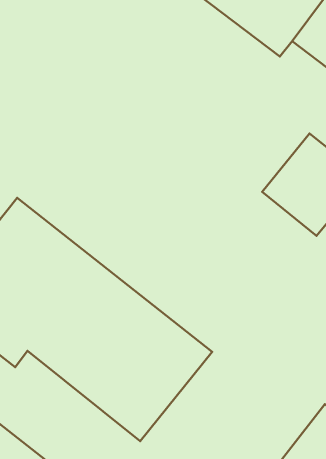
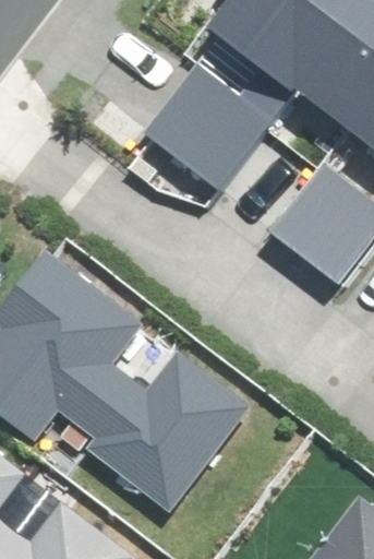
building: none -> [162,72,285,194]

